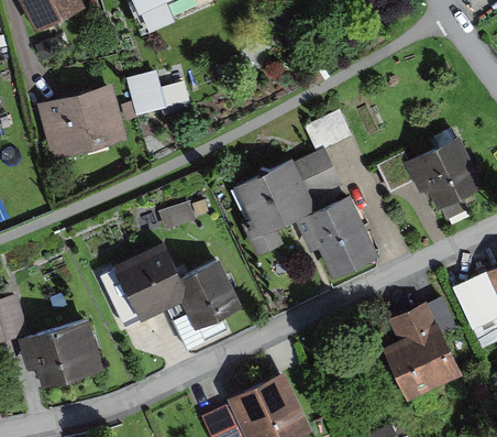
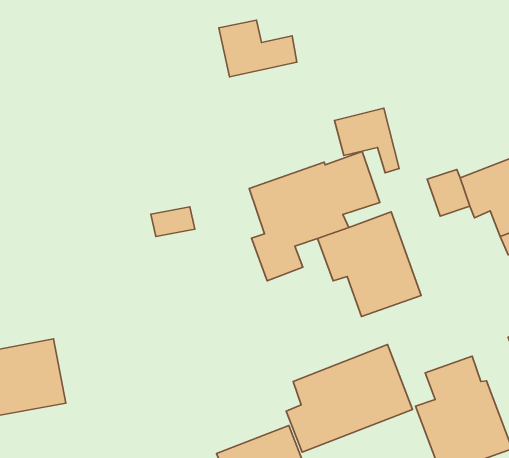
building: [120,70,185,118] -> [219,20,297,77]
building: [36,85,125,160] -> none
building: [112,240,243,331] -> none
building: none -> [286,344,412,452]

